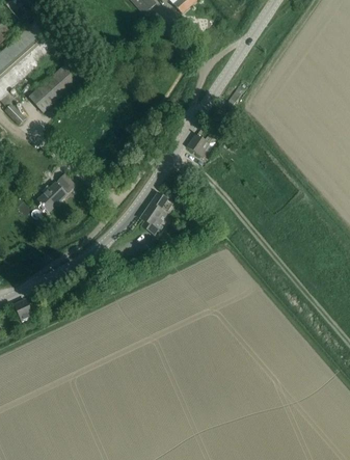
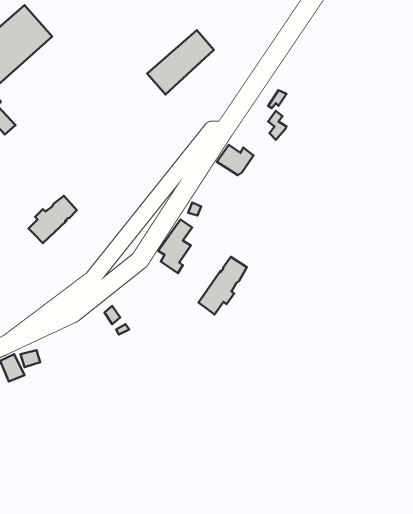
building: [28,61,81,112] -> [147,30,214,94]
building: none -> [199,257,247,314]

